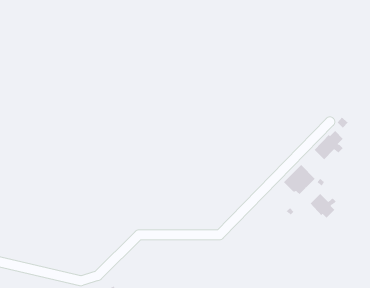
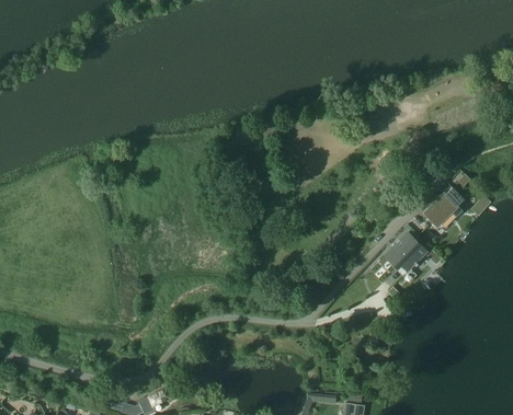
building: [310,193,336,219] -> none

